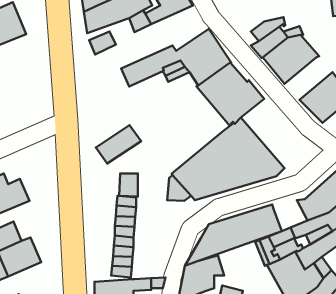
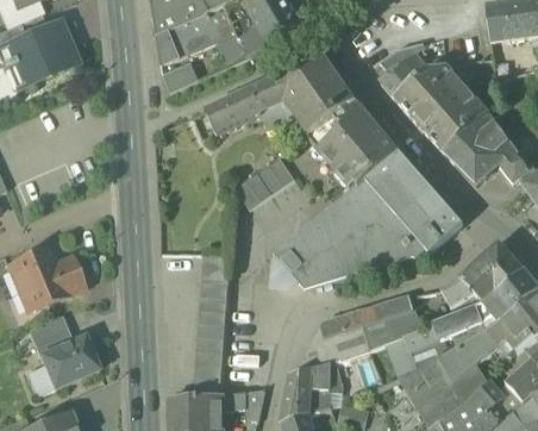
building: none -> [425,94,489,152]
building: none -> [367,151,462,251]
building: [96,125,141,164] -> [234,156,295,207]

